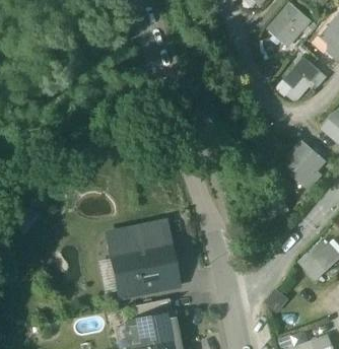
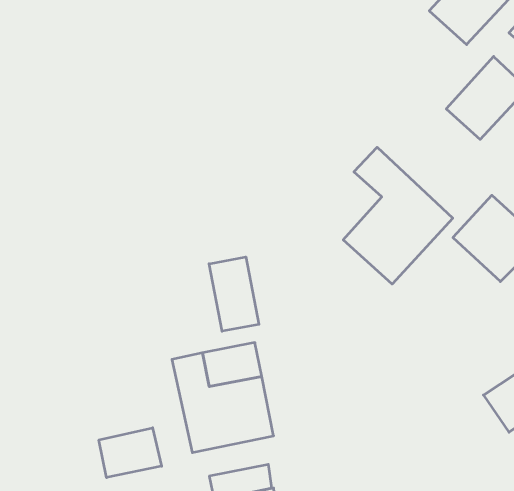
building: none -> [343,147,453,284]
building: none -> [209,257,259,331]
building: none -> [99,428,162,478]

